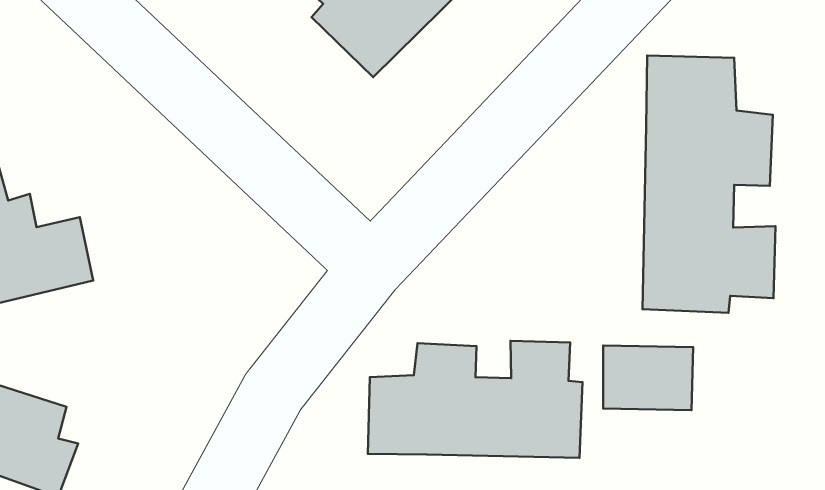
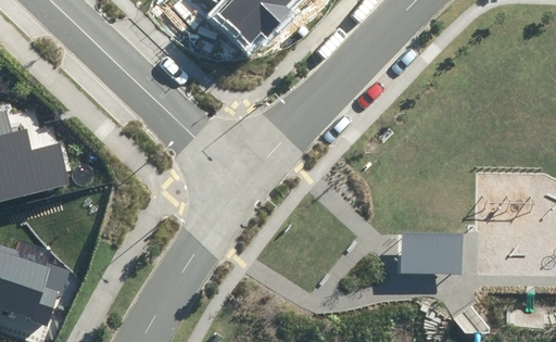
building: [642,55,776,313] -> none
building: [368,341,582,458] -> none

